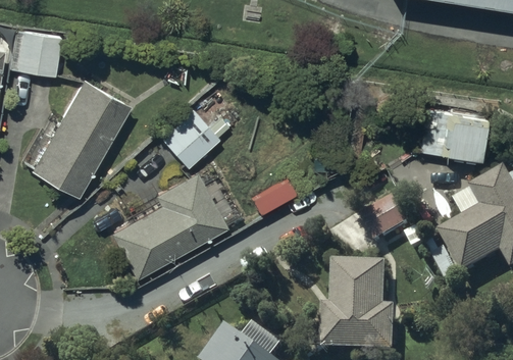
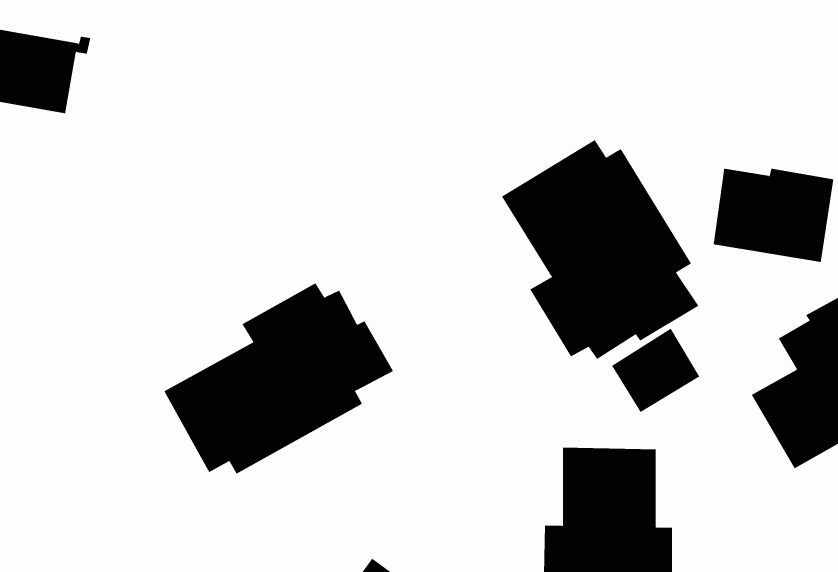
building: [21,75,127,195] -> none
building: none -> [501,139,699,360]
building: [157,107,226,165] -> none

